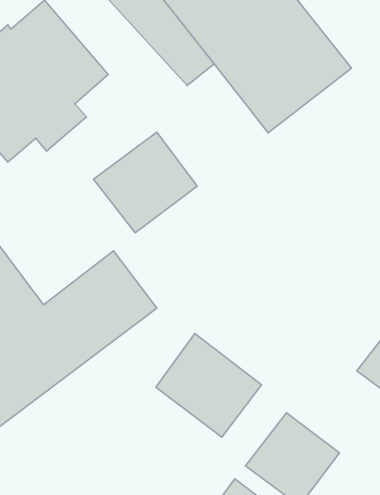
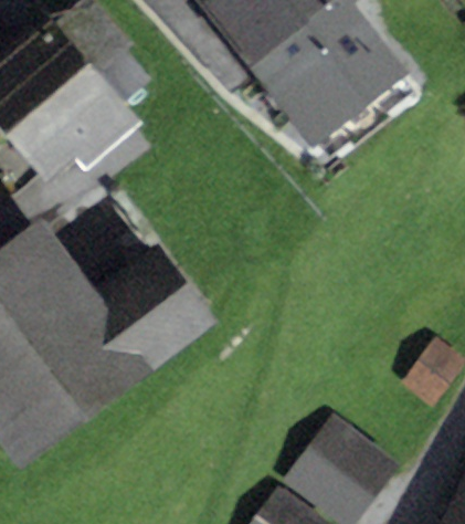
building: [94,132,197,233] -> none
building: [156,334,262,437] -> none

